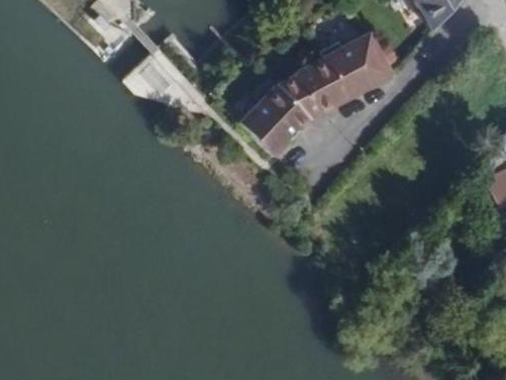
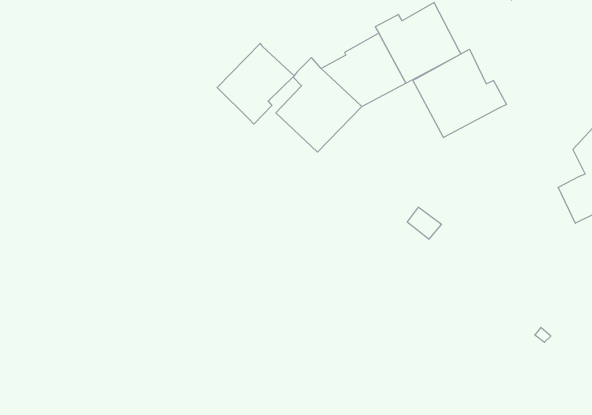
building: none -> [217,43,294,124]
building: none -> [413,49,507,138]

